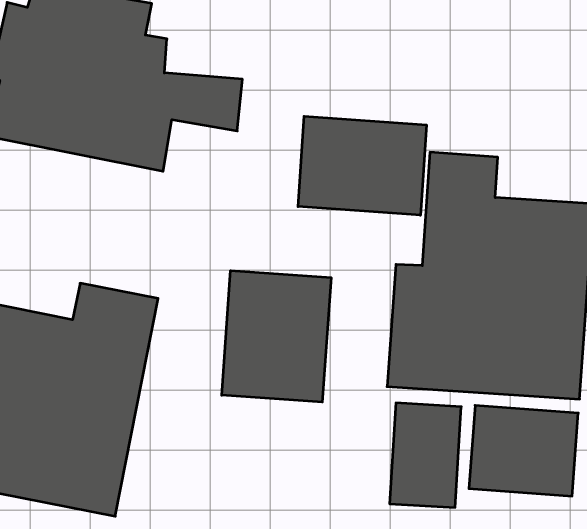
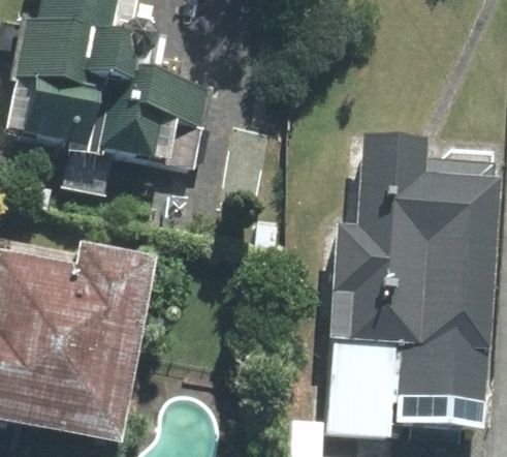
building: [298,116,426,215] -> none
building: [222,271,331,402] -> none

